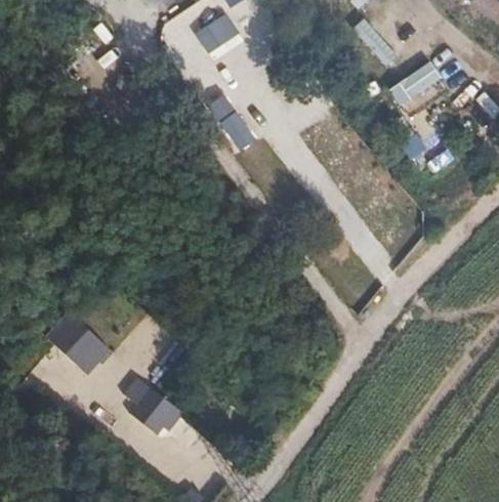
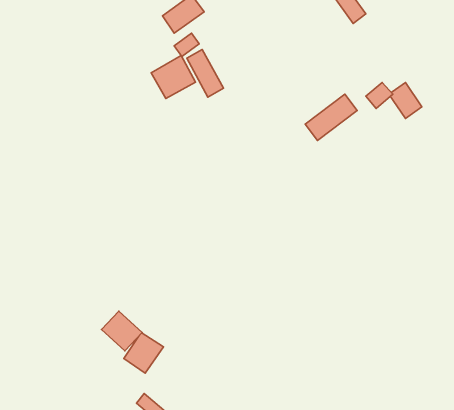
building: [387,57,443,107] -> [305,94,357,141]
building: none -> [151,55,196,99]
building: [63,325,112,374] -> none

